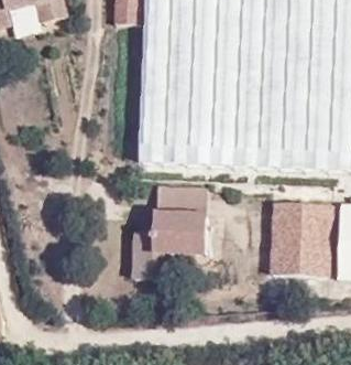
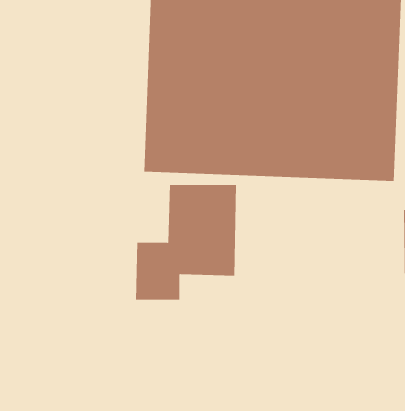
building: [272,201,333,275] -> none

